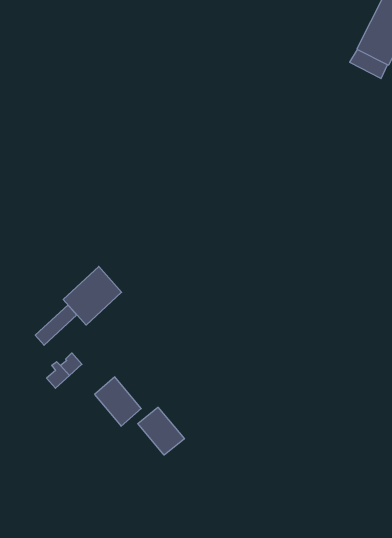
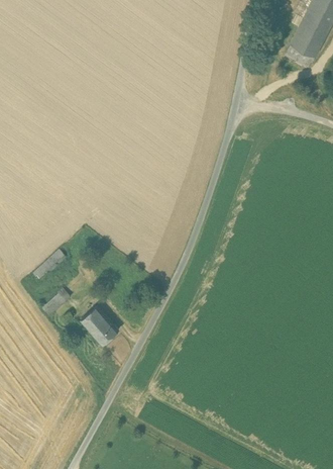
building: [63,266,122,325] -> none
building: [138,407,184,455] -> none

